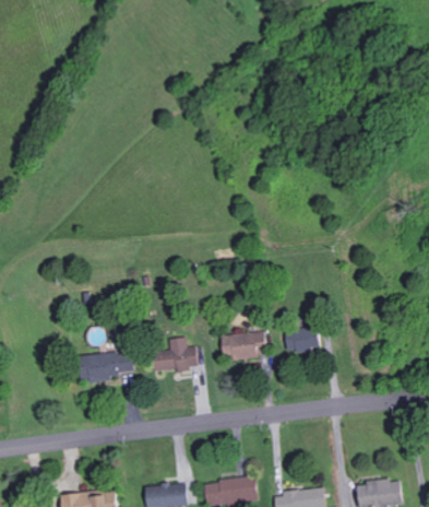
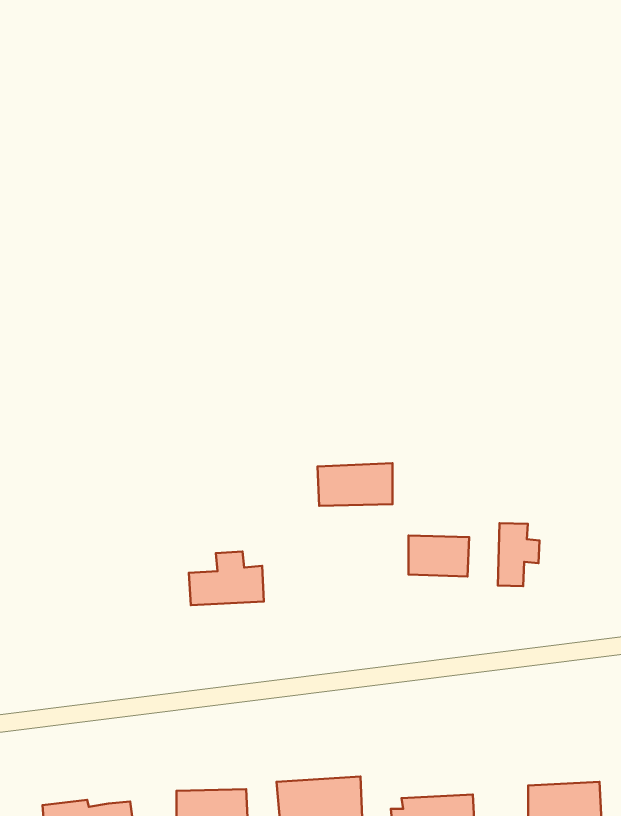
building: none -> [498,523,539,586]
building: [219,333,265,359] -> [317,463,392,506]
building: [85,352,132,379] -> none

